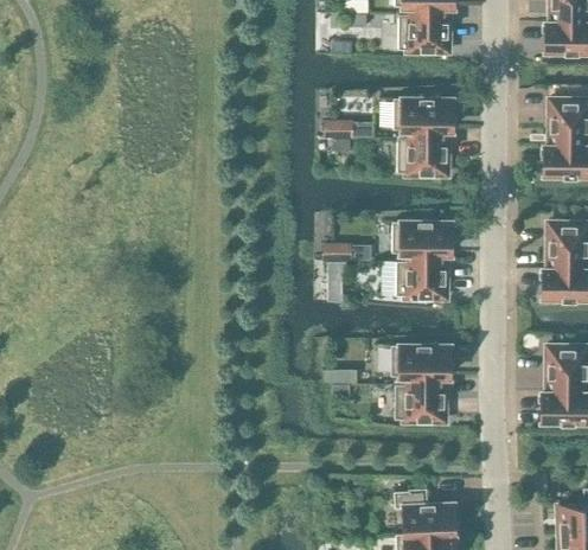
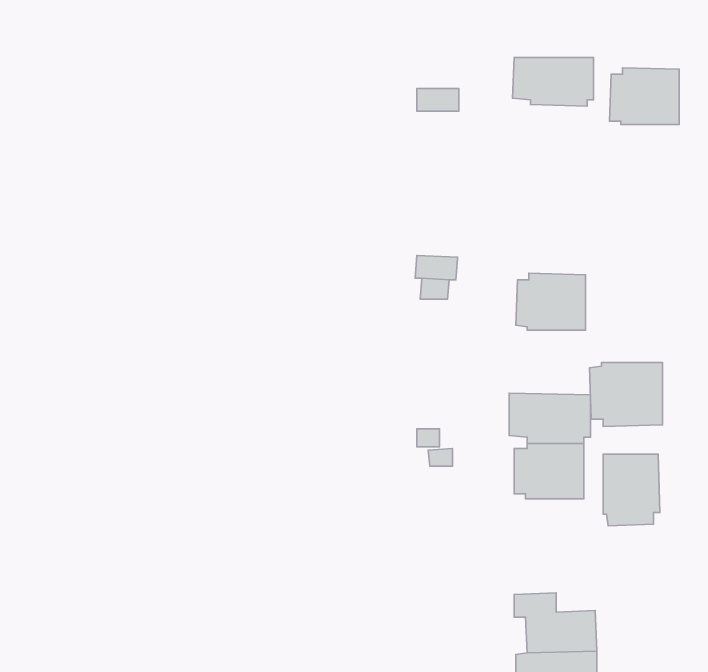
building: [398,134,449,175] -> [609,68,679,124]
building: [394,222,453,258] -> none
building: none -> [589,362,663,426]
building: none -> [603,454,660,526]

